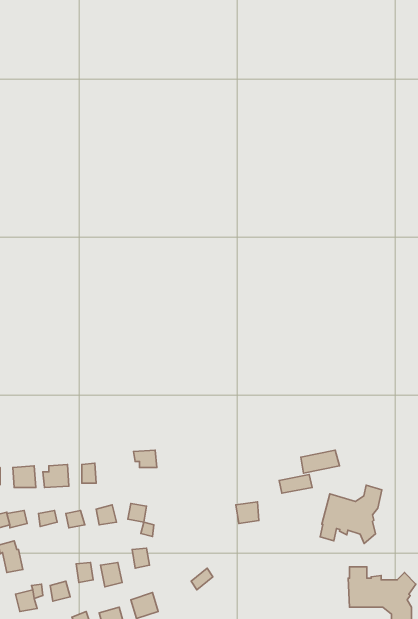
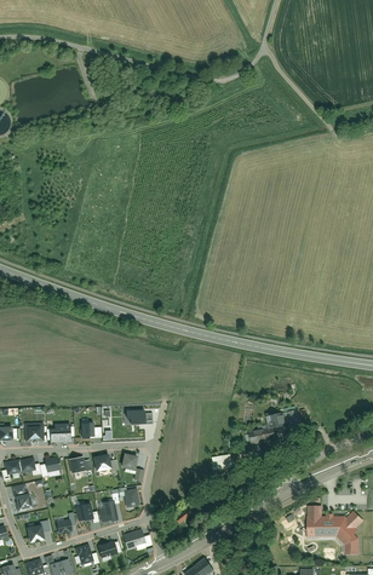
building: [320,485,382,543] -> none

